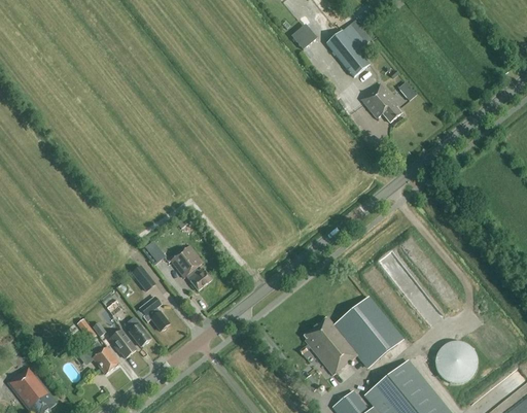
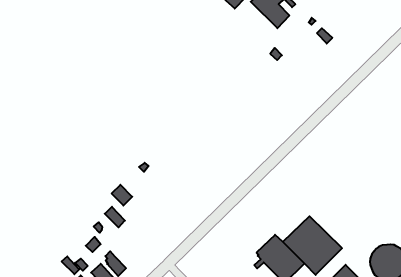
building: [360,82,401,122] -> none
building: [171,245,212,290] -> none
building: [140,296,170,331] -> none

